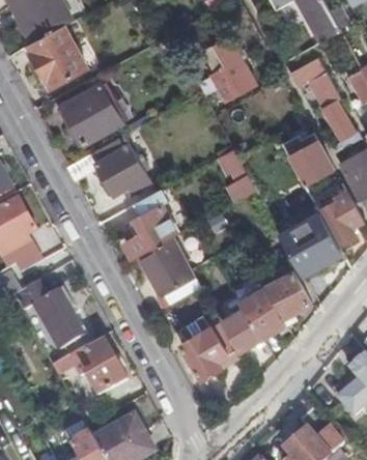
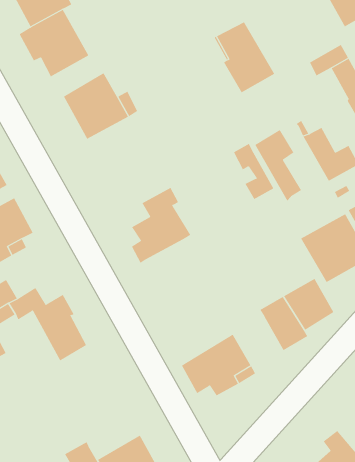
building: none -> [255,129,302,201]
building: [66,143,149,196] -> none
building: [138,235,201,308] -> none
building: [222,306,263,350] -> none
building: [52,339,125,390] -> none

